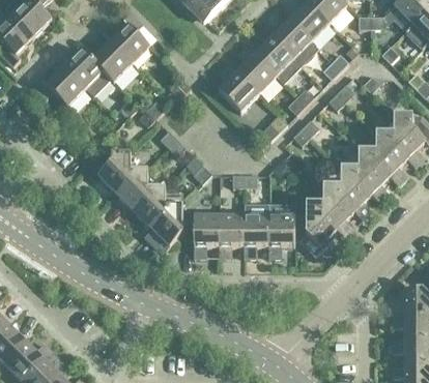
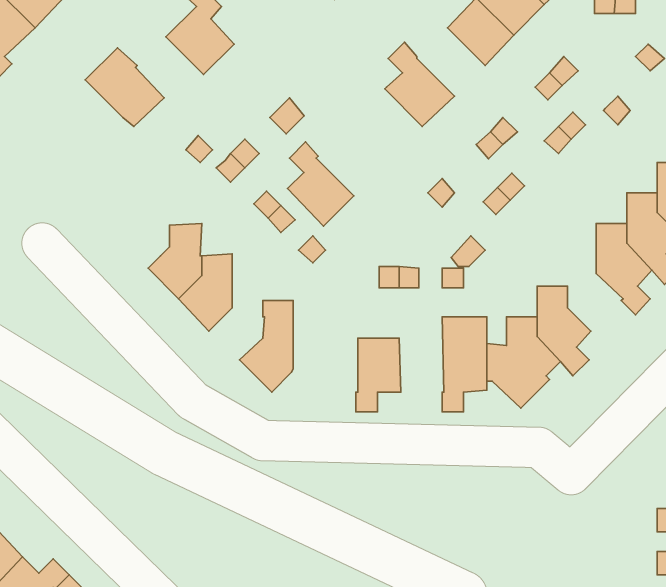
building: [254,37,293,77] -> none
building: [91,42,131,82] -> none
building: [219,63,257,112] -> [288,142,354,226]
building: [33,67,84,107] -> none
building: [341,168,373,220] -> none
building: [134,186,166,229] -> none
building: [244,204,269,259] -> none
building: [181,216,220,259] -> none

